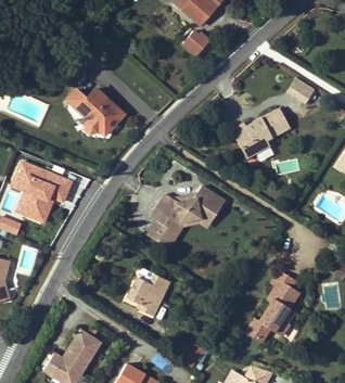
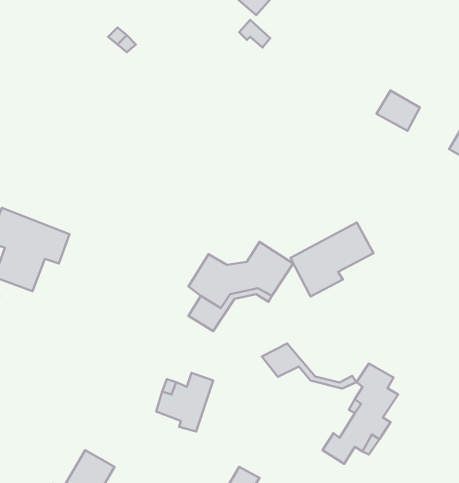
building: [65,89,123,136] -> none
building: [229,104,288,156] -> [290,222,374,296]
building: none -> [262,343,356,389]

